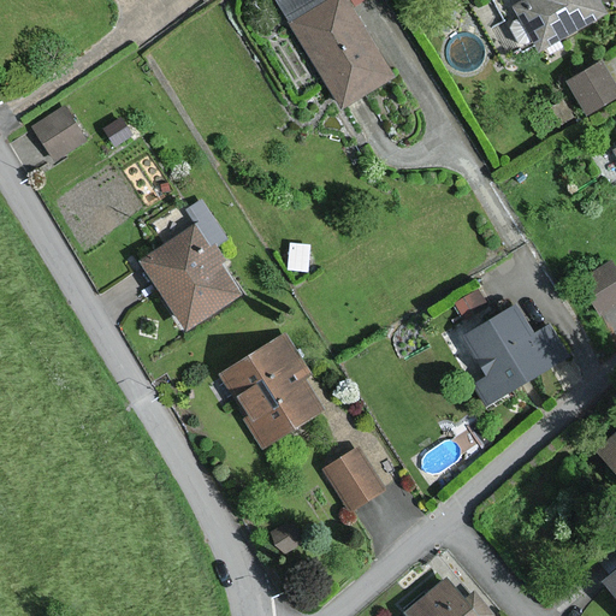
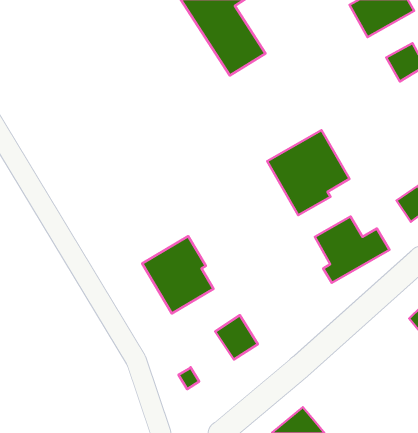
building: [31,102,90,159] -> none
building: none -> [267,130,350,215]
building: [140,224,239,328] -> none

